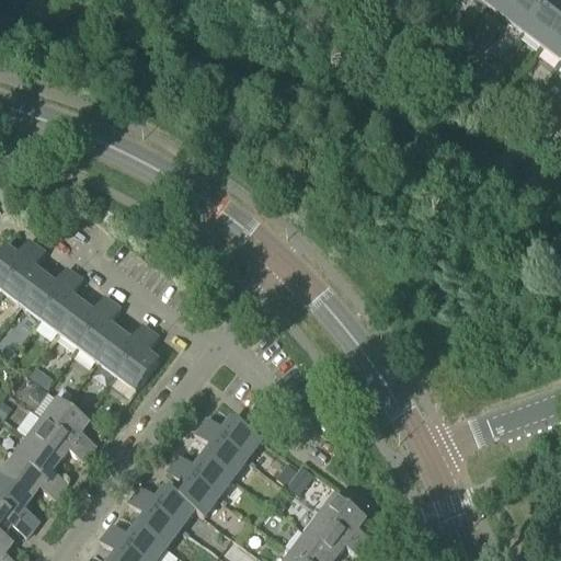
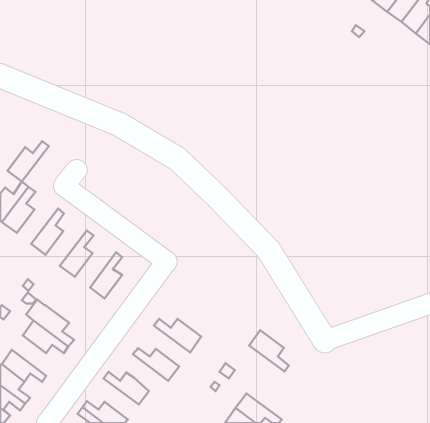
building: [22,265,76,318] -> [8,141,49,182]
building: [59,293,113,346] -> none
building: [98,323,151,375] -> none
building: [195,424,248,478] -> none
building: [15,437,67,490] -> none
building: [167,461,219,517] -> none
building: [129,493,181,547] -> none
building: [321,493,373,547] -> [249,330,289,371]

